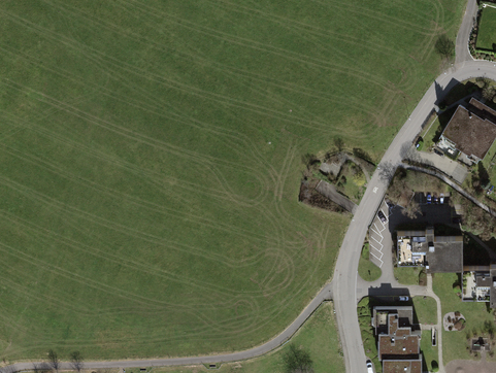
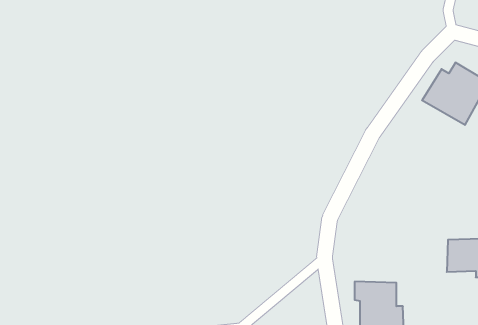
building: [399,232,464,269] -> none

